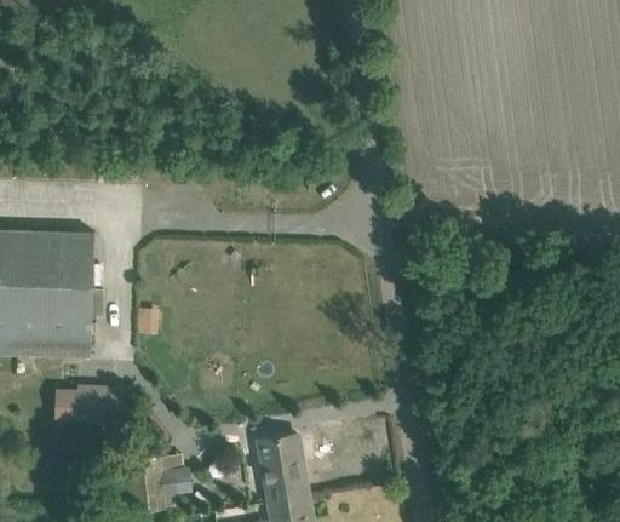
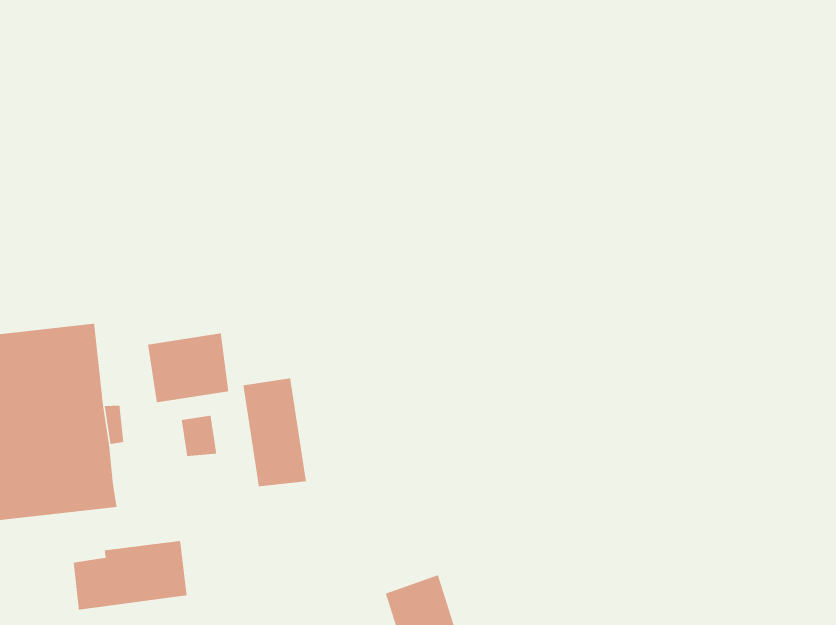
building: none -> [147,332,229,403]
building: none -> [243,378,307,487]

